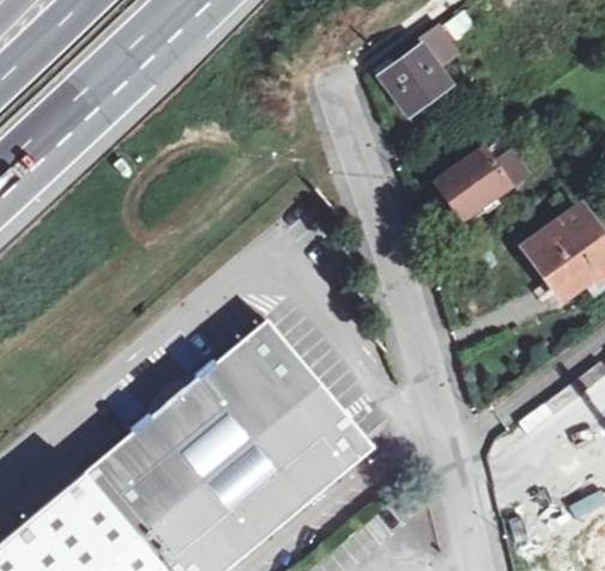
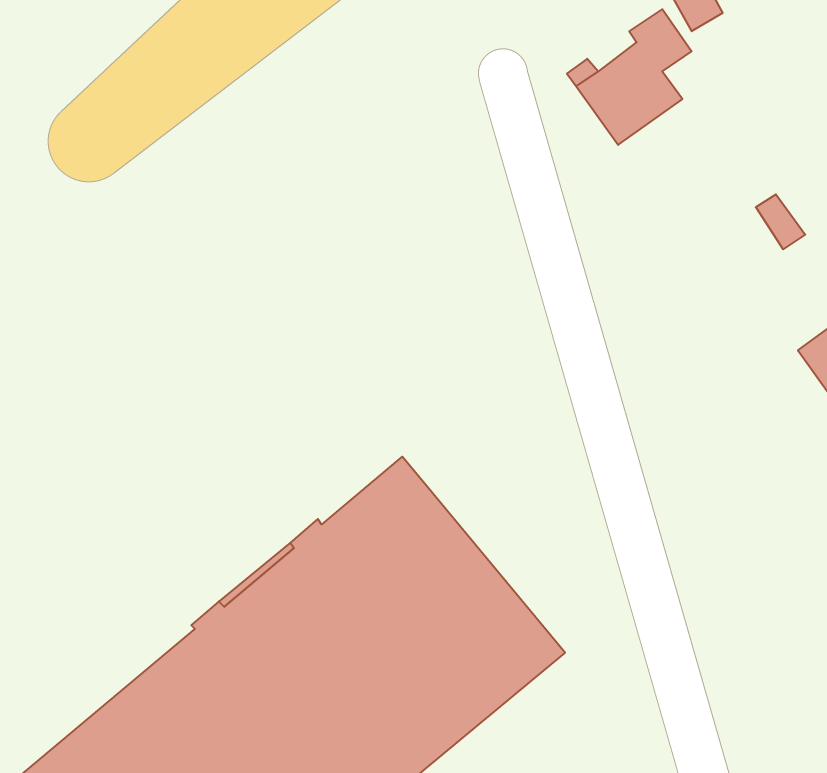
building: [434,150,509,220] -> none

